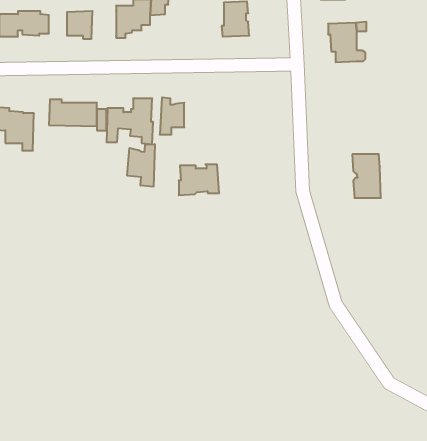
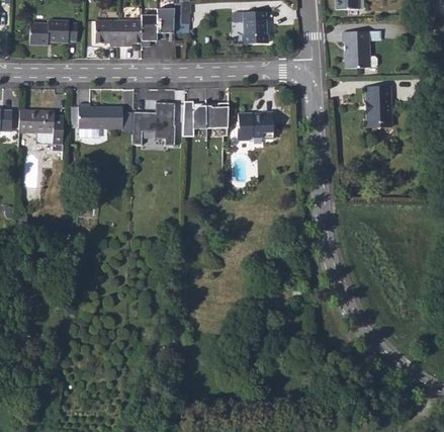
building: none -> [117,19,141,46]
building: none -> [205,104,228,131]
building: [127,144,155,187] -> none
building: [352,154,381,198] -> [365,86,392,127]
building: [179,164,219,195] -> [236,111,274,141]

